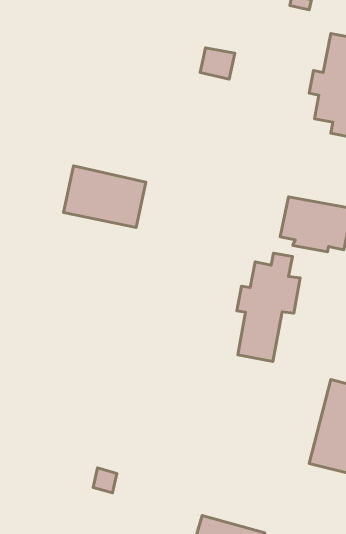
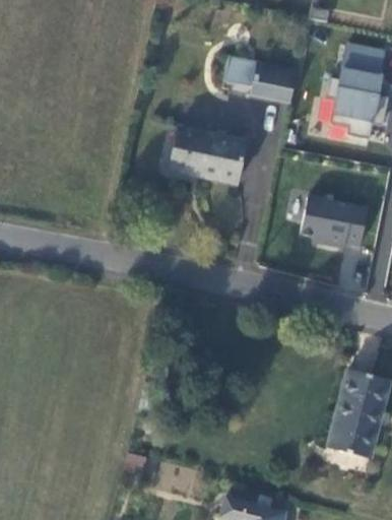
building: none -> [251,61,297,101]
building: [64,166,146,228] -> [169,125,246,183]
building: [237,253,300,361] -> none

